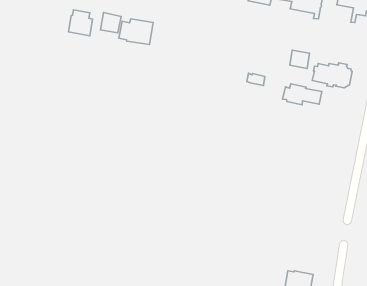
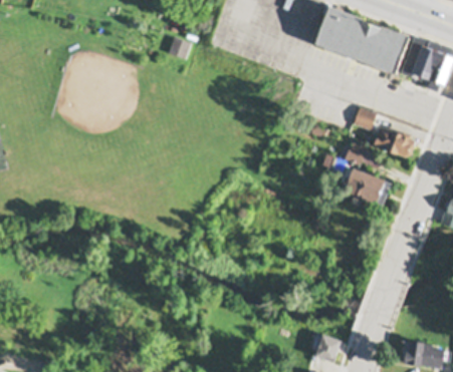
building: [69,10,92,36] -> none
building: [119,19,153,45] -> none
building: none -> [341,166,391,201]

